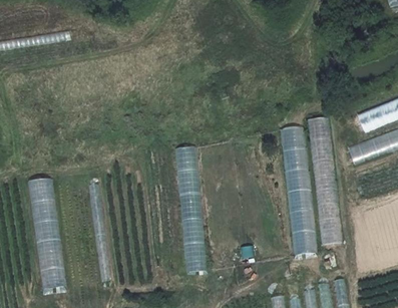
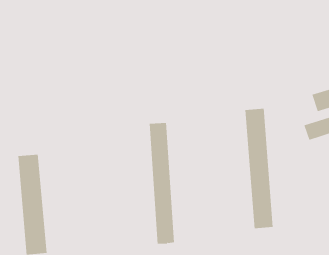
building: [309,111,339,243] -> none

